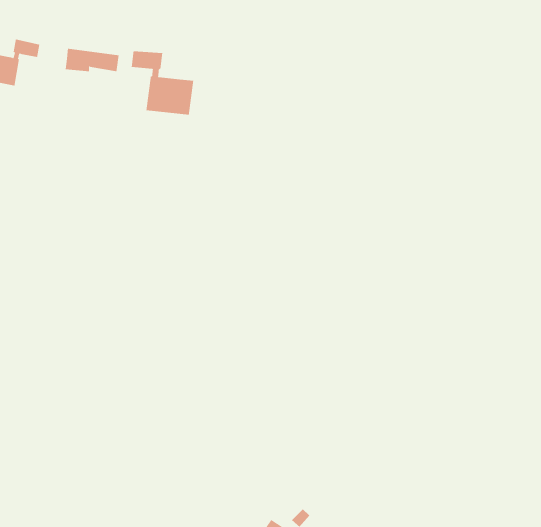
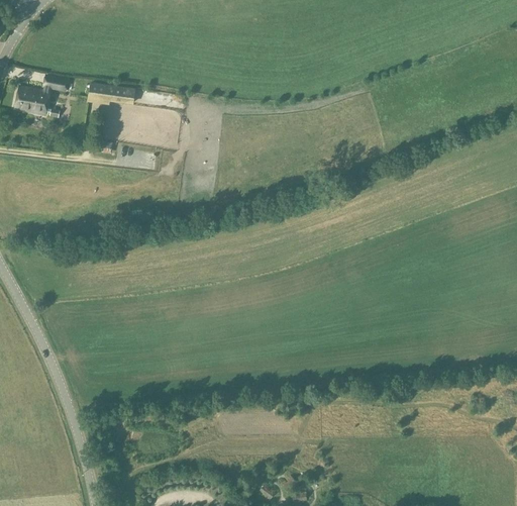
building: [131,50,194,115] -> none

